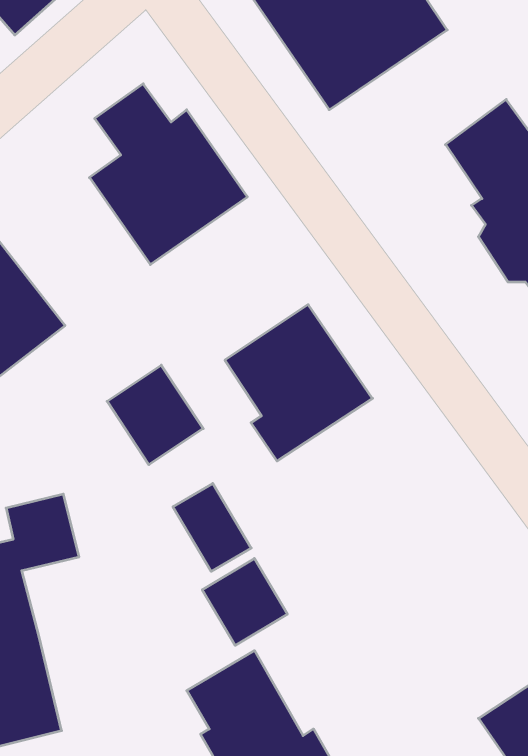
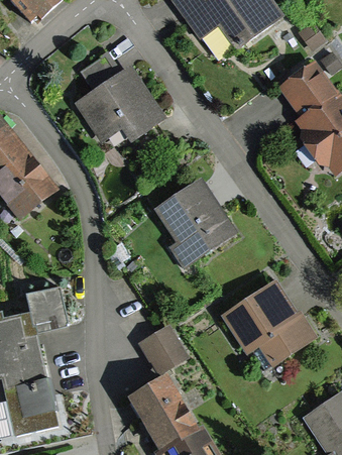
building: [107,365,203,465] -> none
building: none -> [223,277,320,366]
building: [173,483,251,571] -> none

